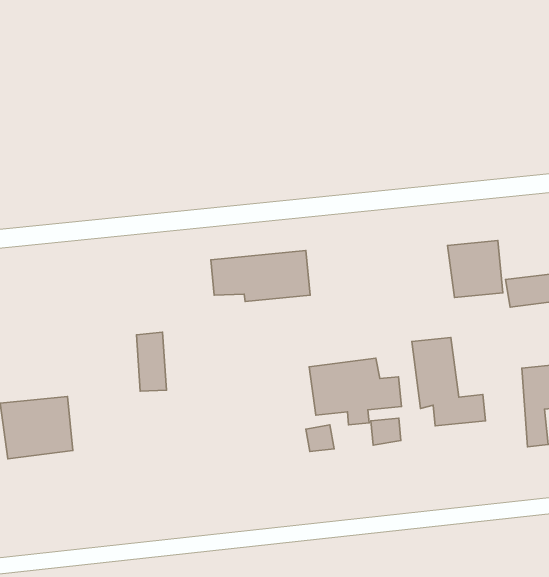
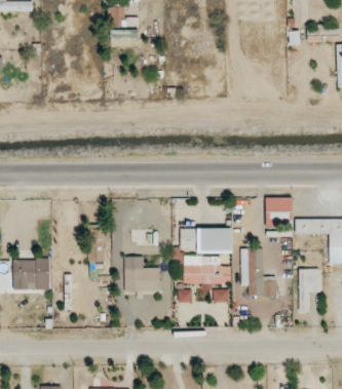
building: [211,250,310,302] -> [180,229,232,254]
building: none -> [124,257,159,291]

